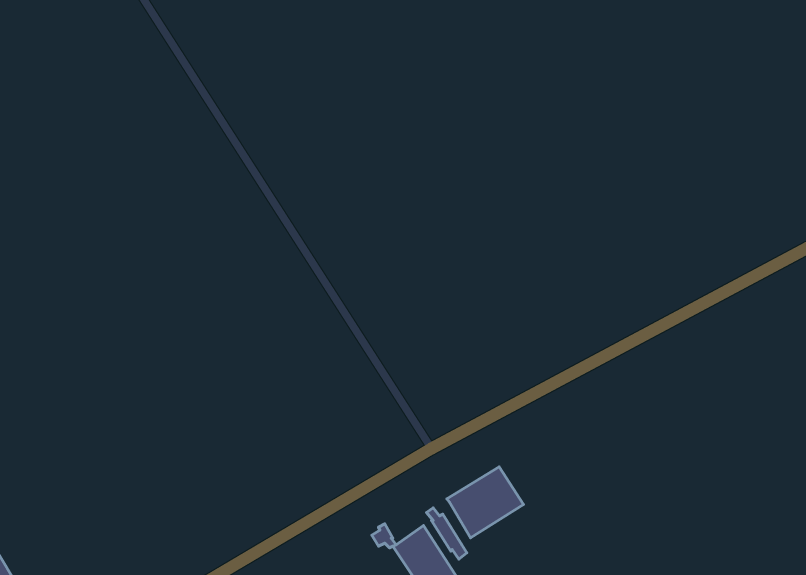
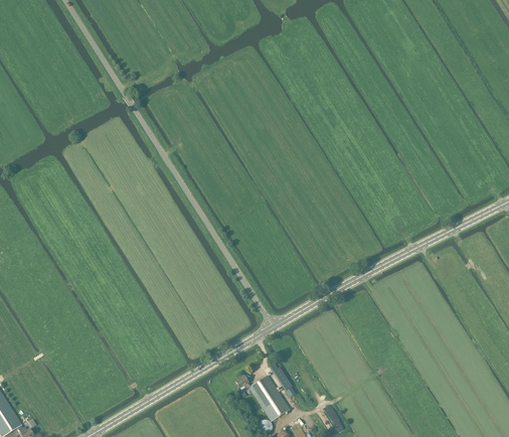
building: [447,467,523,538] -> none

